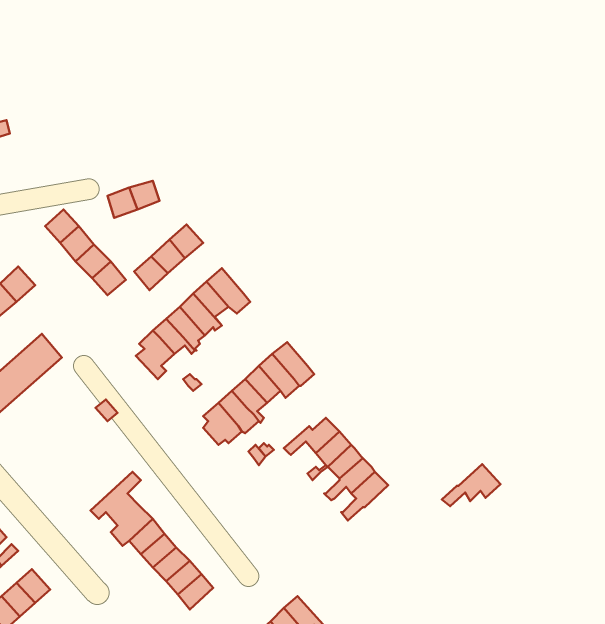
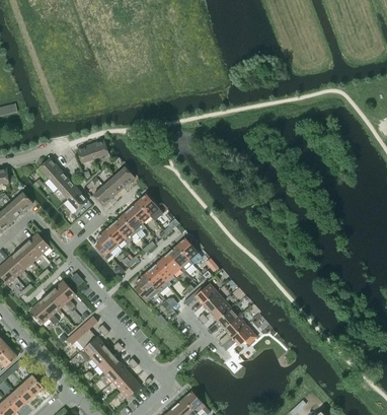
building: none -> [28,279,75,325]
building: [442,464,501,506] -> [221,324,256,349]

